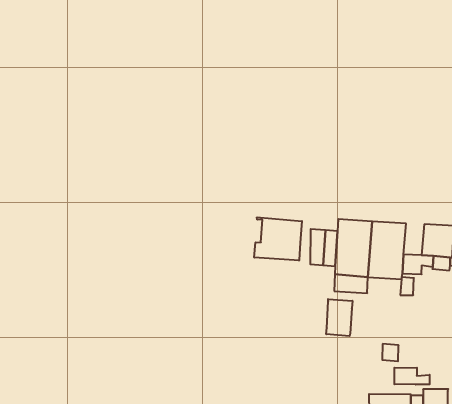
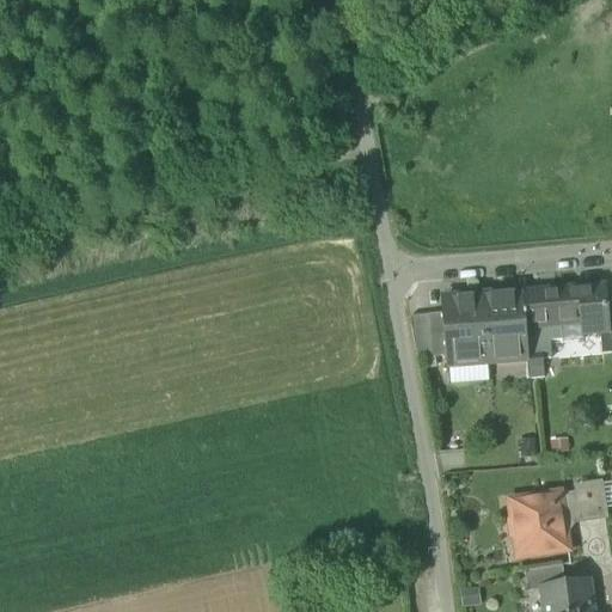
building: [254,217,302,261] -> none
building: none -> [524,287,547,326]
building: [326,299,352,336] -> none
building: [394,368,430,385] -> none

